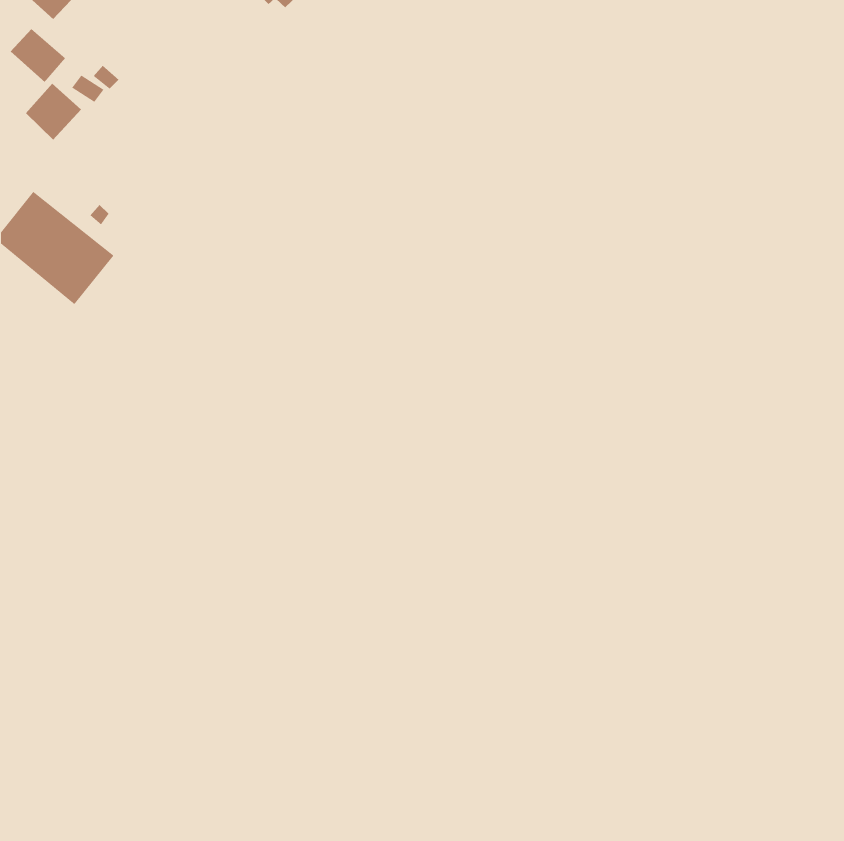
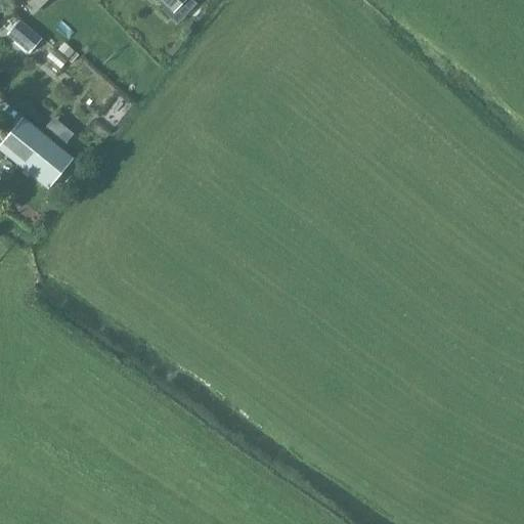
building: [25,83,82,140] -> none

